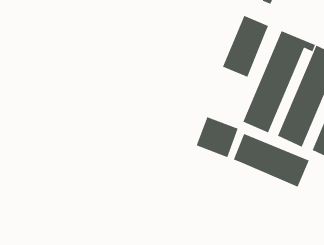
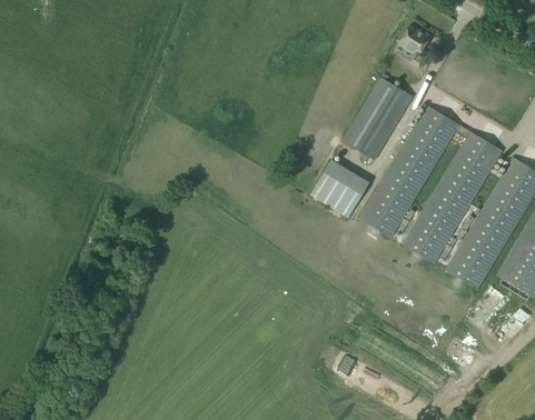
building: [196,116,239,158] -> [310,158,370,217]
building: [233,133,309,188] -> none

